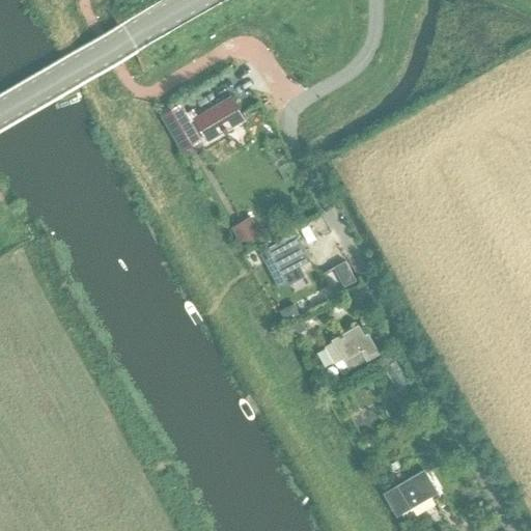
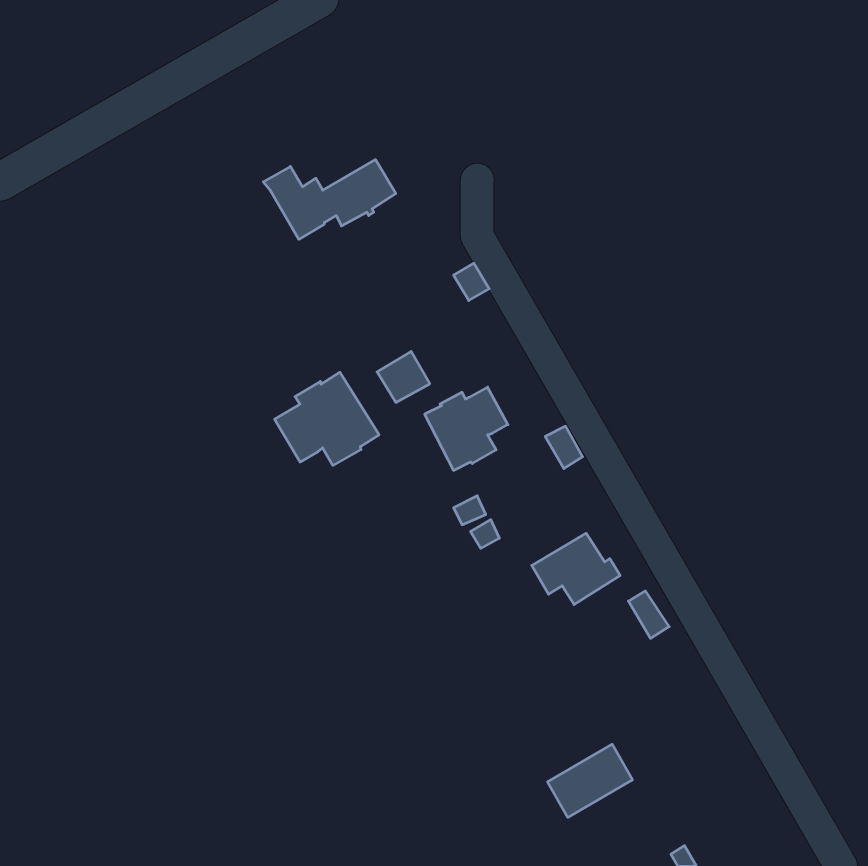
building: none -> [275,372,379,465]
building: [385,470,437,514] -> [548,744,632,817]

